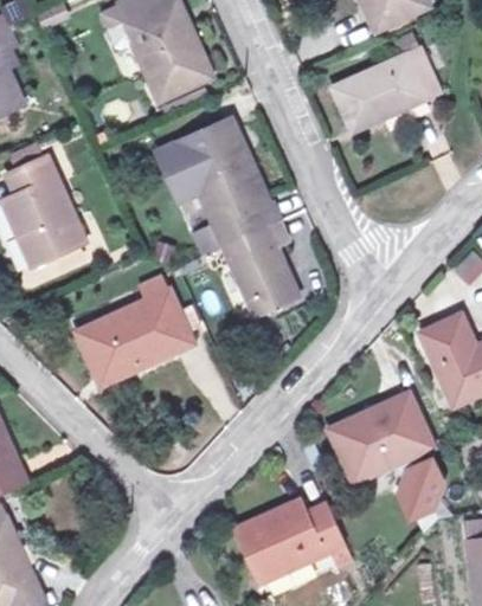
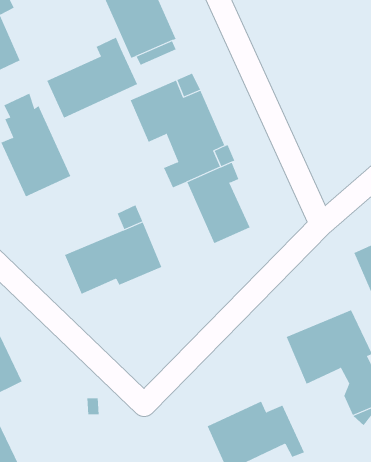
building: [332,47,425,127] -> none
building: none -> [46,37,138,119]

